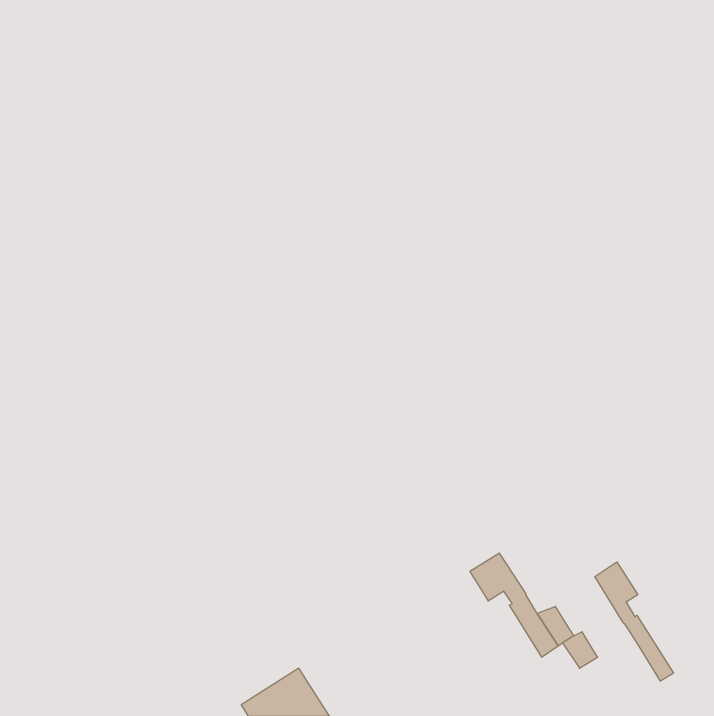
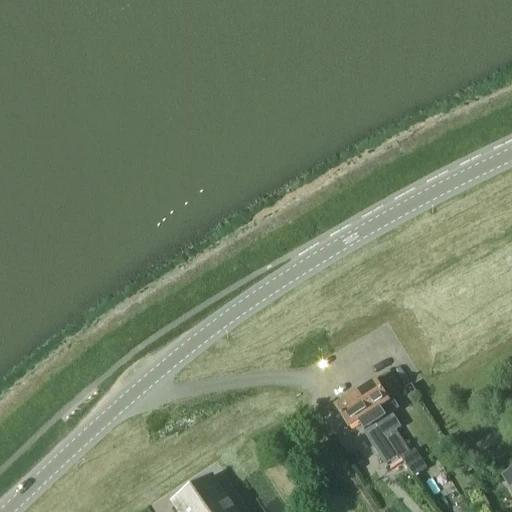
building: none -> [358,381,392,423]
building: [595,562,674,681] -> none

